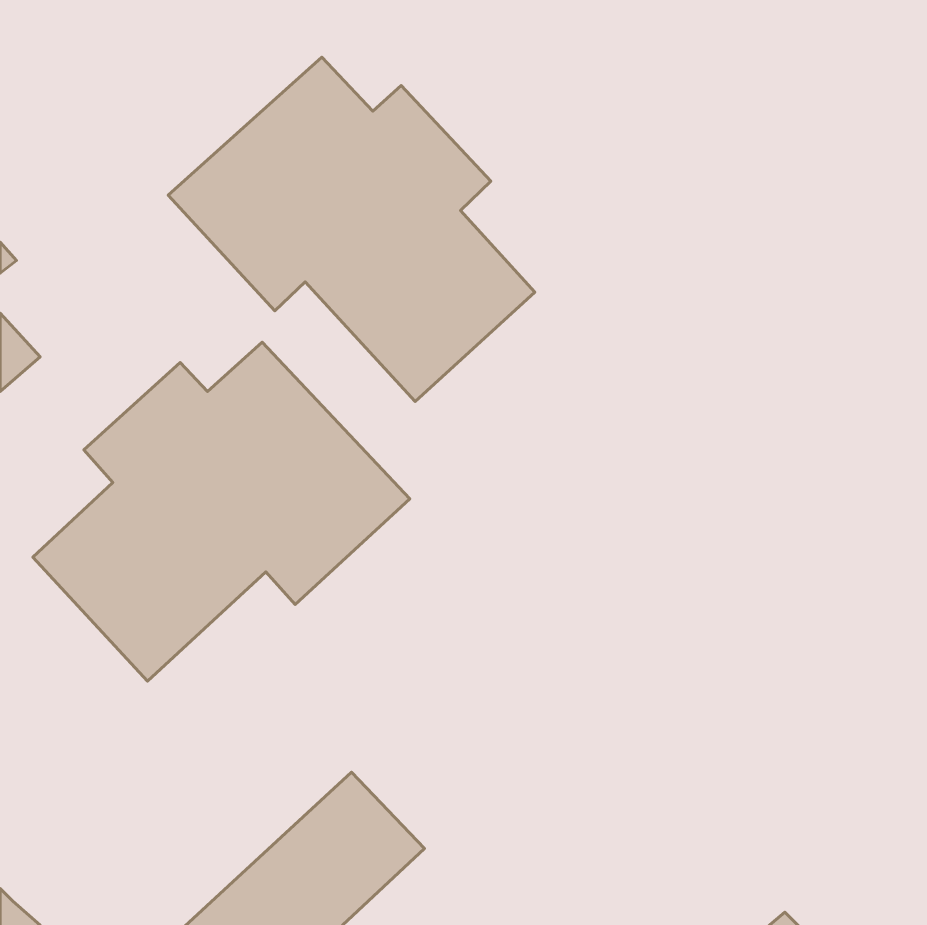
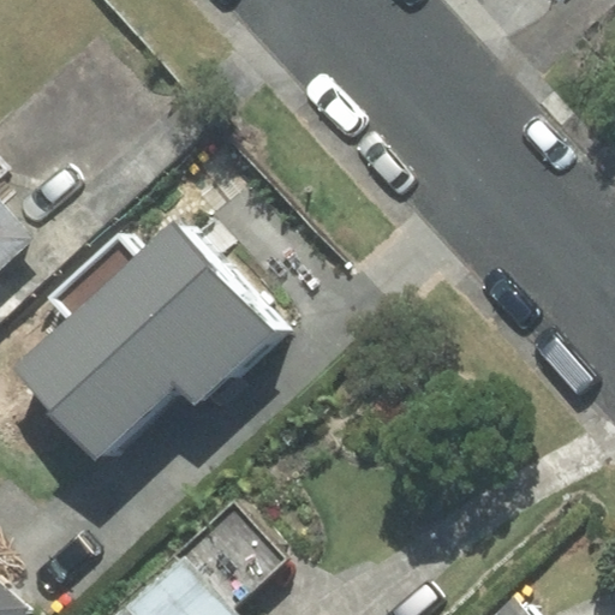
building: [168,57,535,401] -> none

